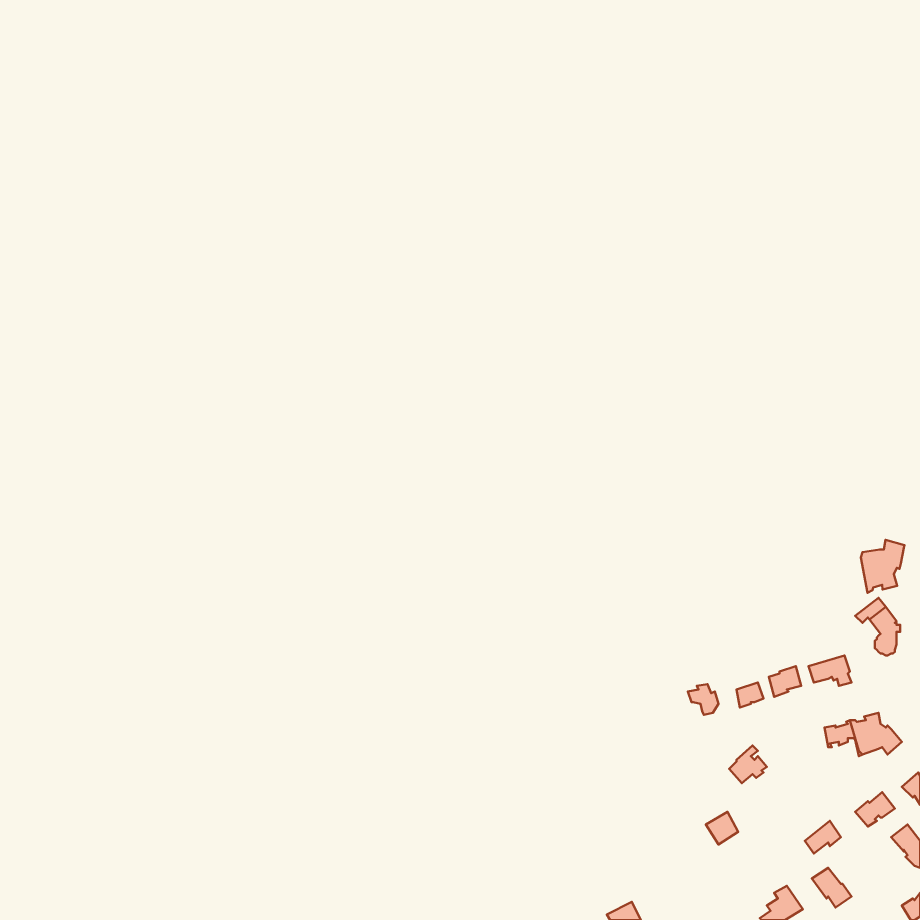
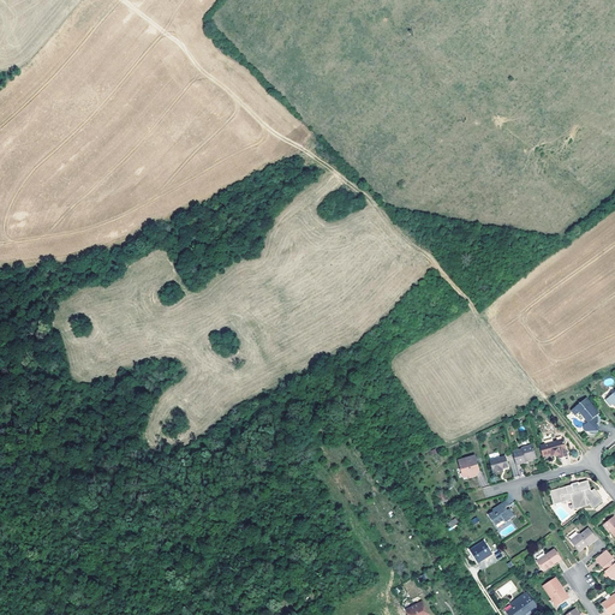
building: [861,540,905,593] -> none

